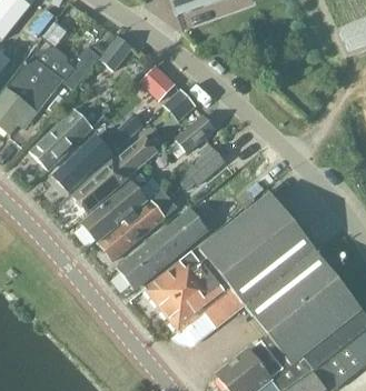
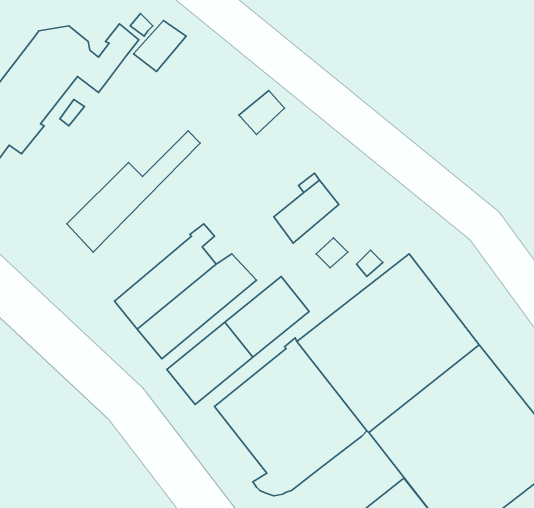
building: [140,67,176,101] -> none
building: [31,103,105,169] -> none
building: [176,113,218,152] -> none
building: [76,133,159,212] -> none

